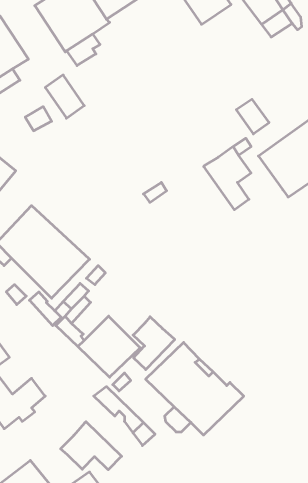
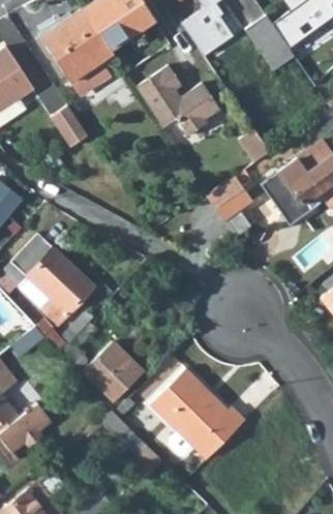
building: none -> [135,65,219,135]
building: [133,317,175,370] -> none
building: [61,422,122,470] -> none

